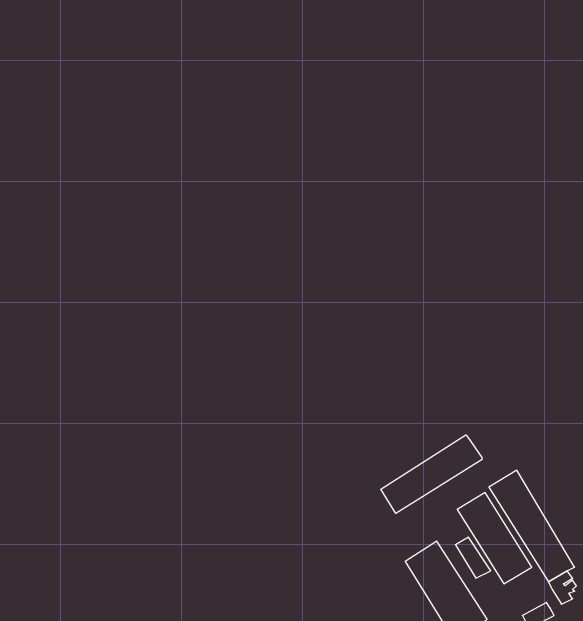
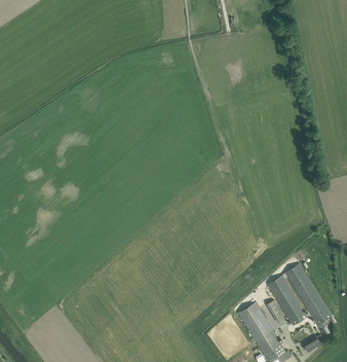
building: [381,435,482,513] -> none

